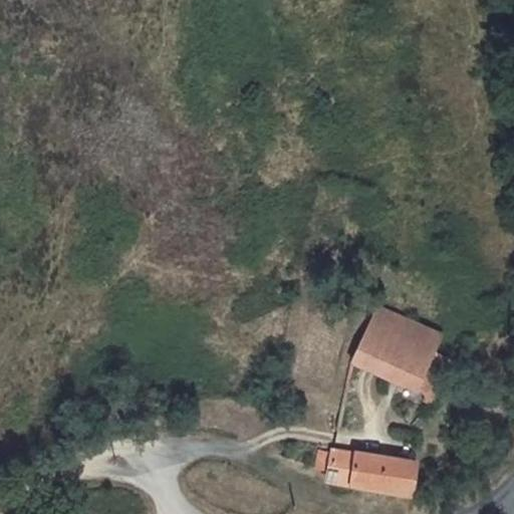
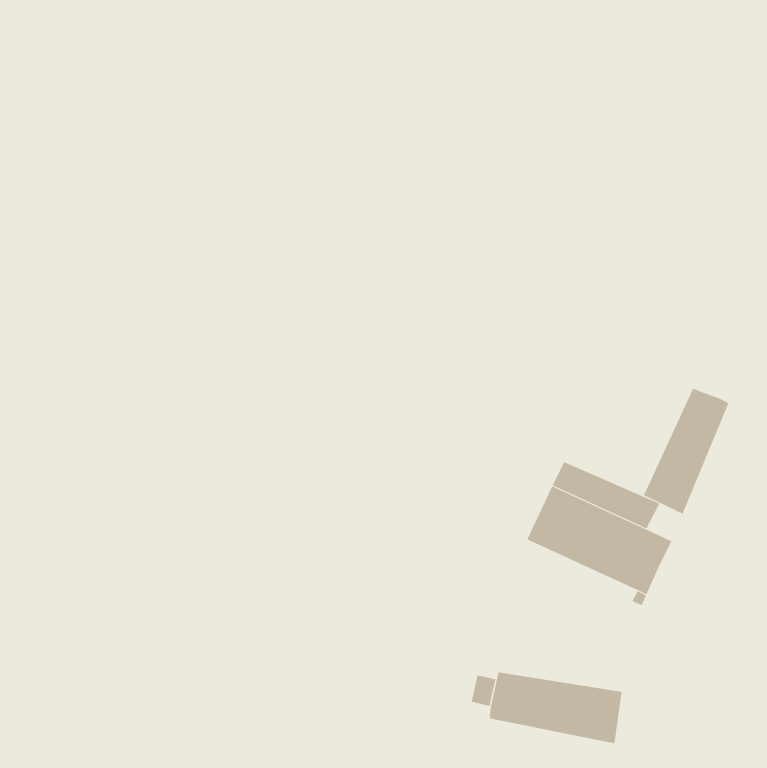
building: none -> [643,388,729,514]

